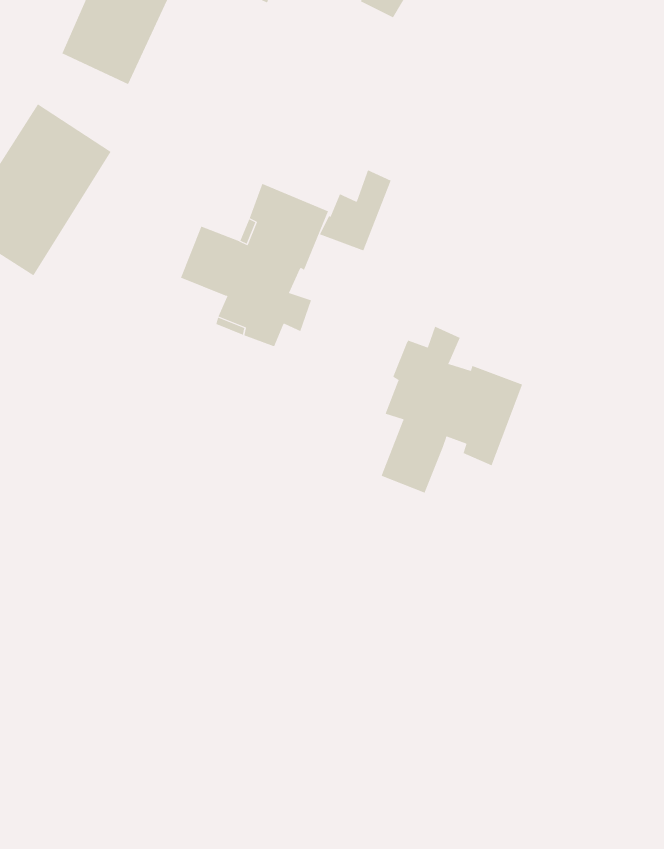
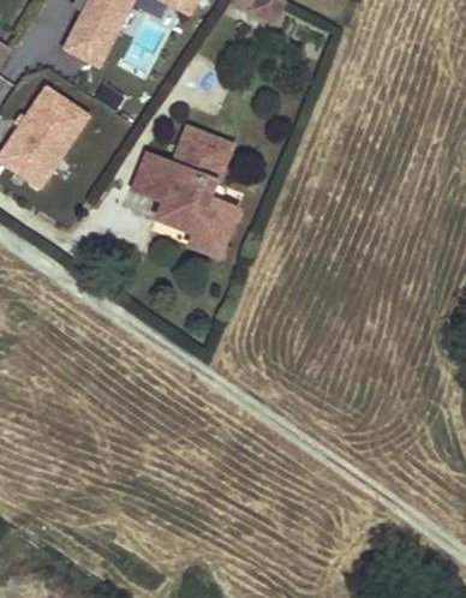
building: [319,169,392,251] -> [189,204,235,257]
building: [381,326,523,493] -> none

